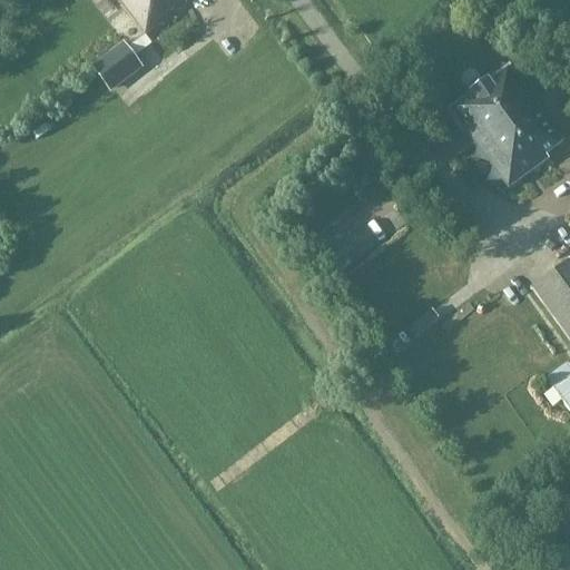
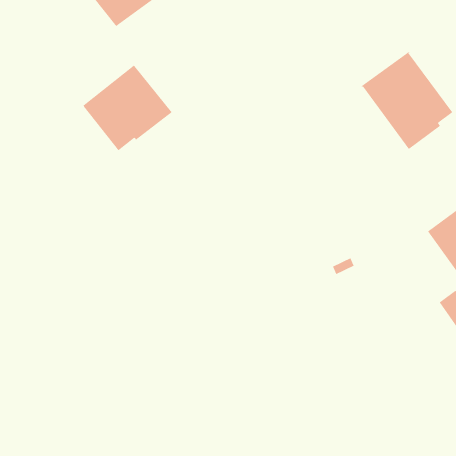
building: [90,36,139,83] -> none
building: none -> [82,64,172,151]

